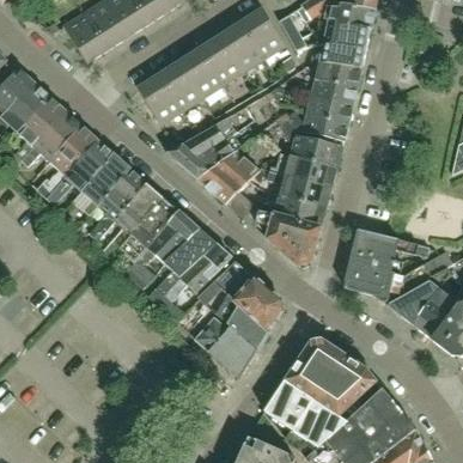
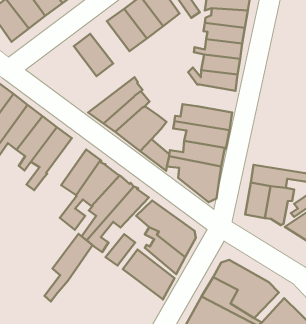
building: [178,47,223,97] -> none
building: [136,73,182,123] -> none
building: [278,111,342,165] -> none
building: [102,181,163,257] -> [44,234,92,301]

